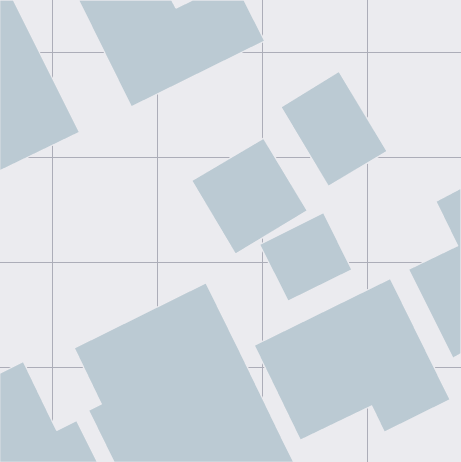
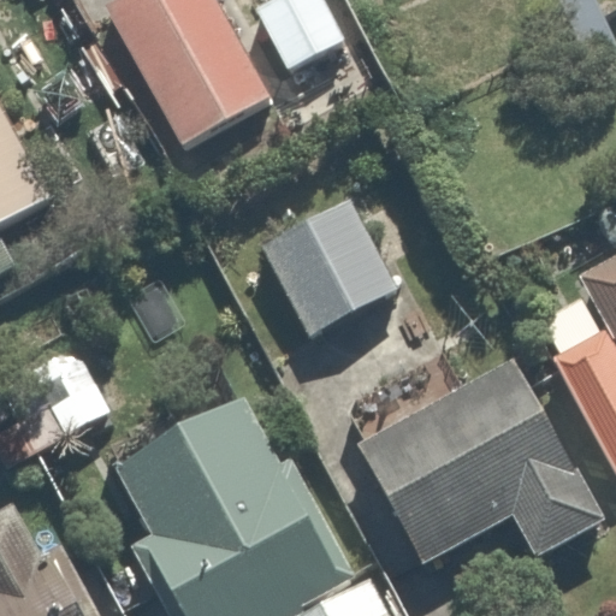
building: [281,71,387,187] -> none
building: [259,213,352,301] -> none

